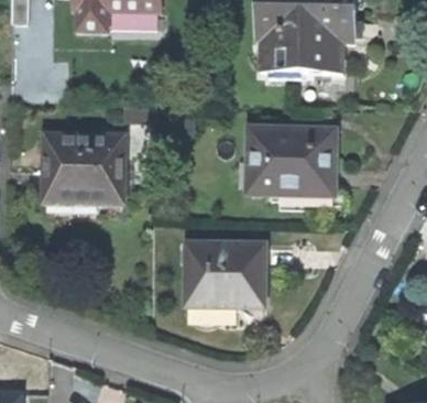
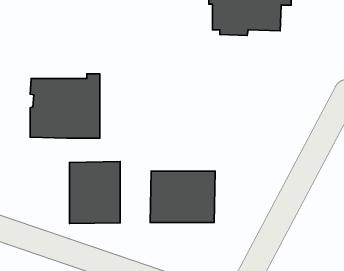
building: [250,129,337,195] -> none
building: none -> [70,162,120,224]

